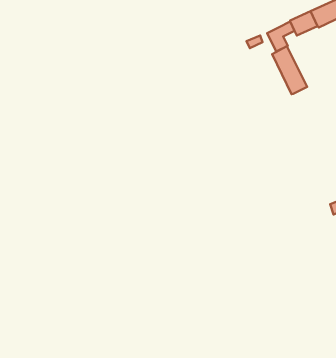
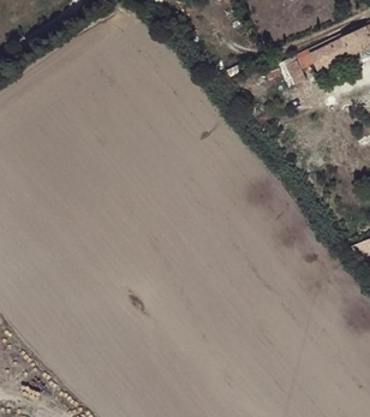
building: [272,46,307,94] -> none

